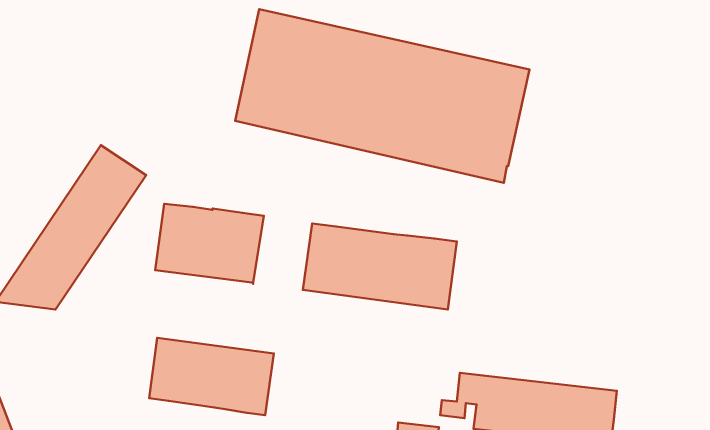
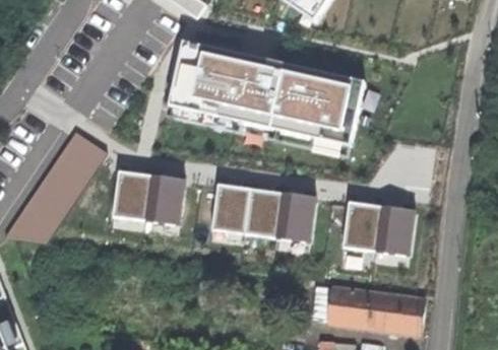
building: none -> [341,202,414,256]
building: [149,338,274,415] -> none

